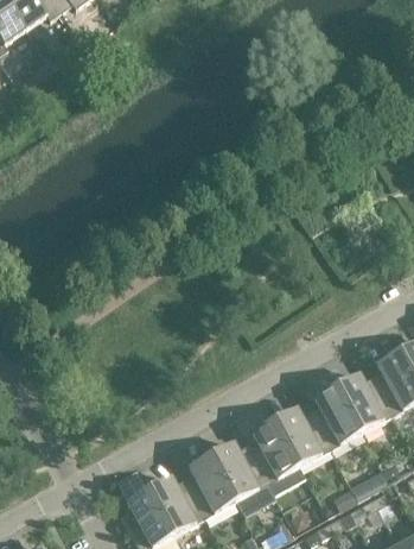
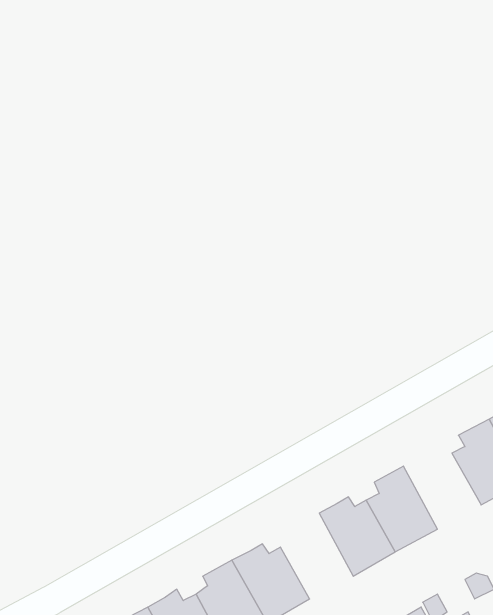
building: [336,373,393,431] -> none
building: [246,419,299,482] -> none

